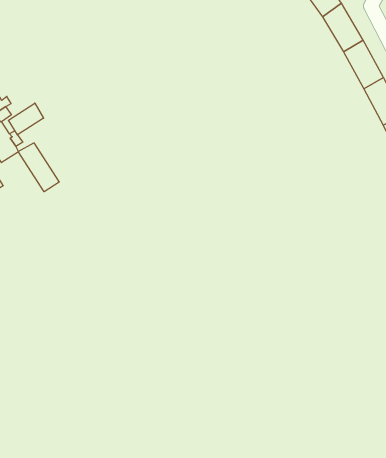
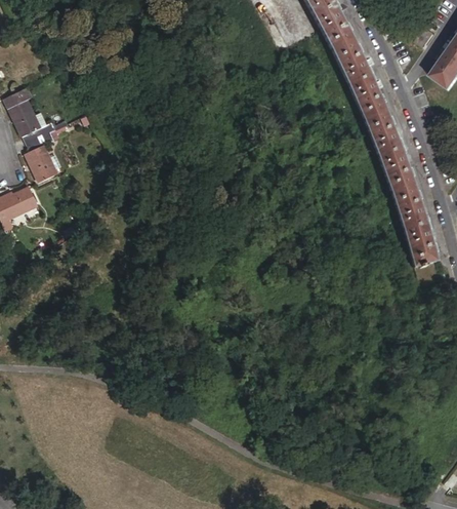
building: [8,103,44,135] -> none
building: [18,143,59,192] -> none

